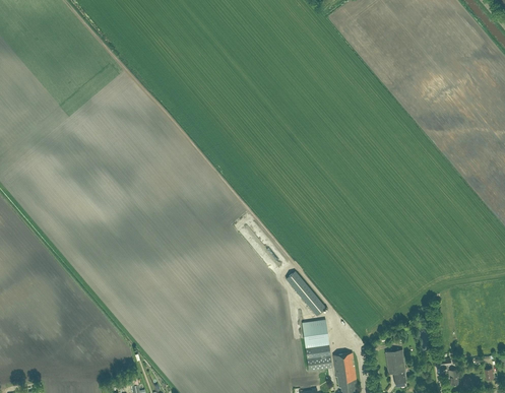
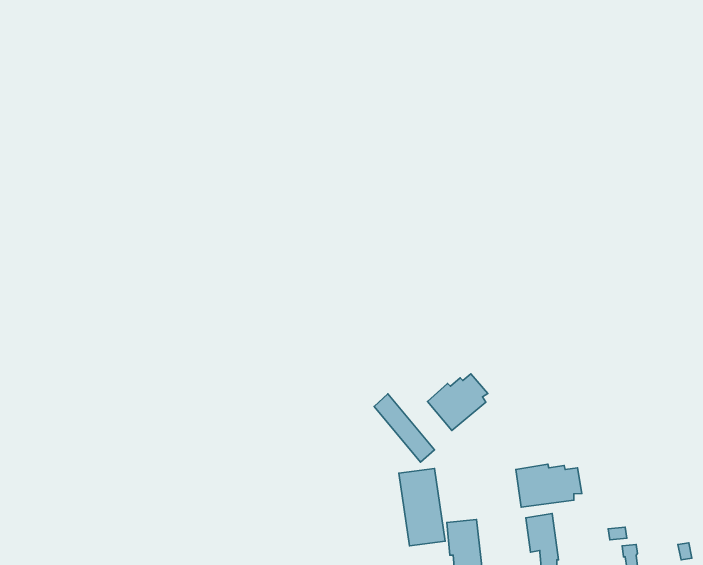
building: none -> [427,374,488,430]
building: none -> [516,464,582,507]

